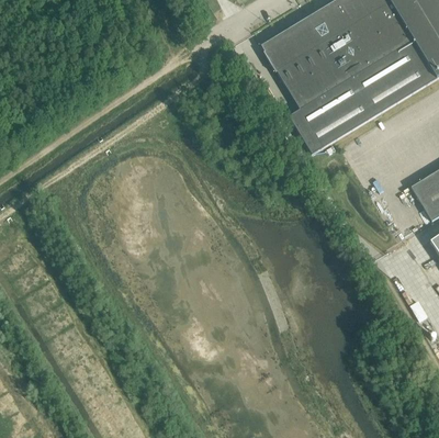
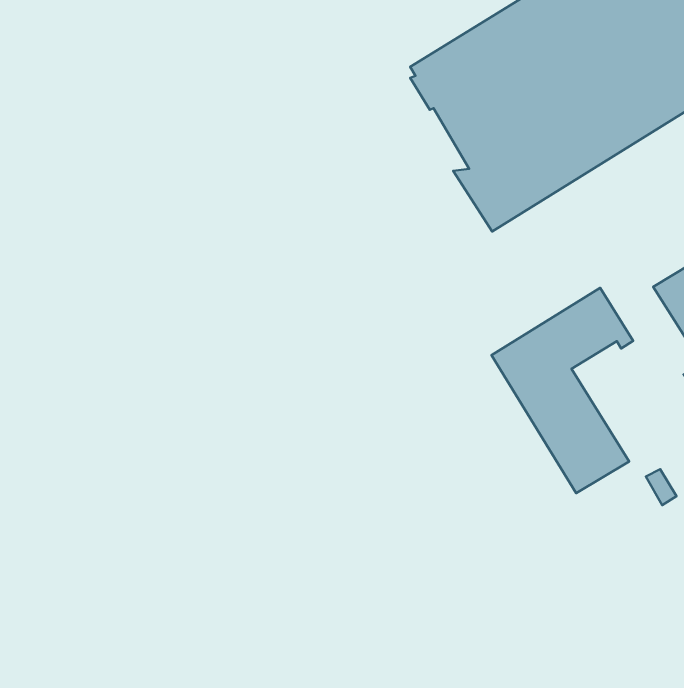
building: none -> [492,288,633,493]

